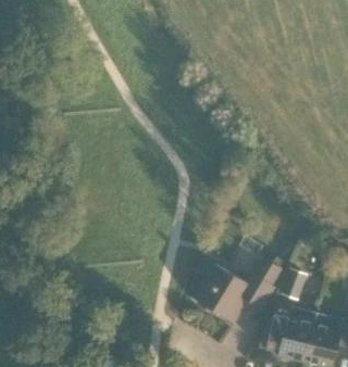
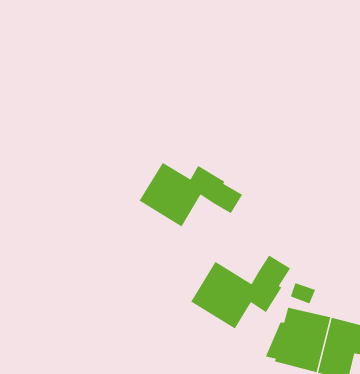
building: none -> [139,162,243,227]

